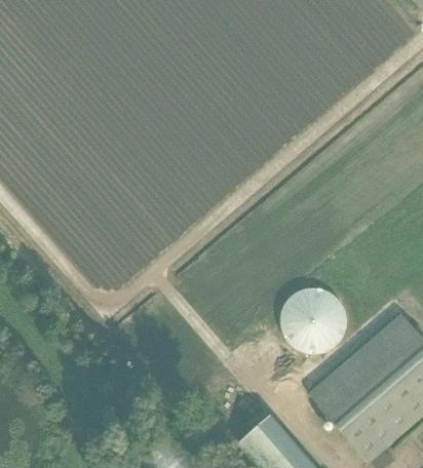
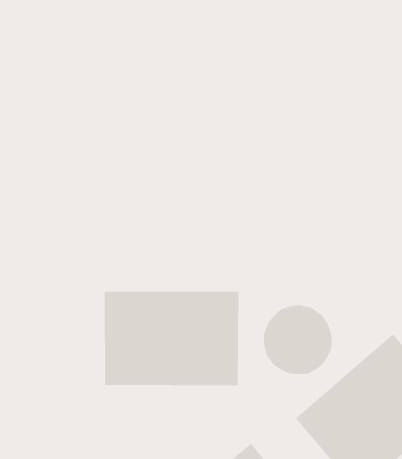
building: none -> [104,291,239,386]

